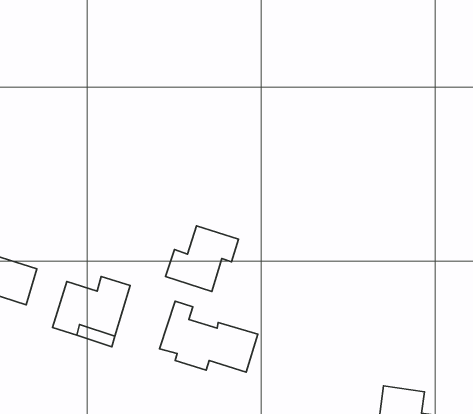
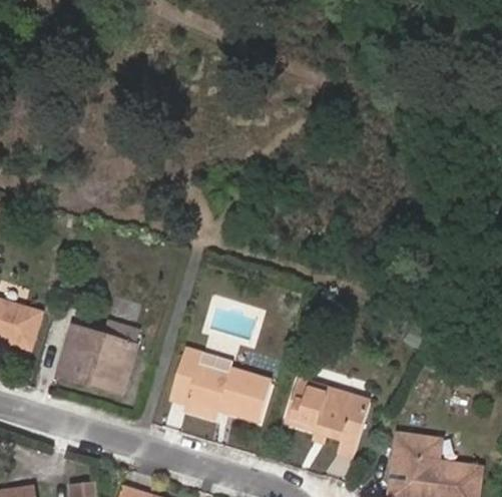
building: [165,226,239,292] -> none
building: none -> [287,381,368,457]

